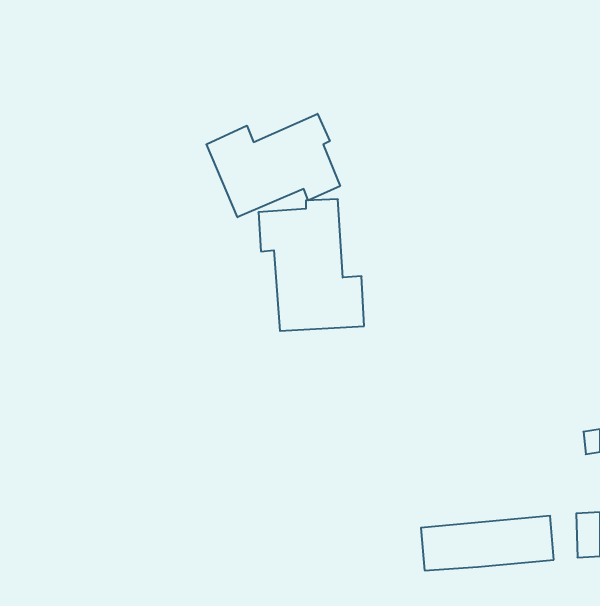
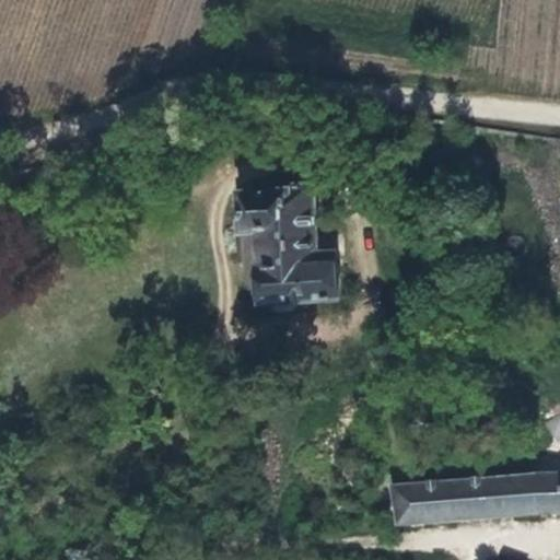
building: [206,114,340,217] -> none
building: none -> [508,474,533,516]

